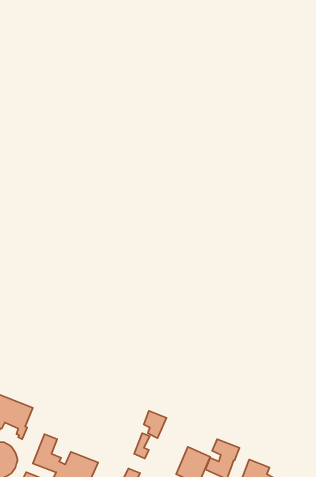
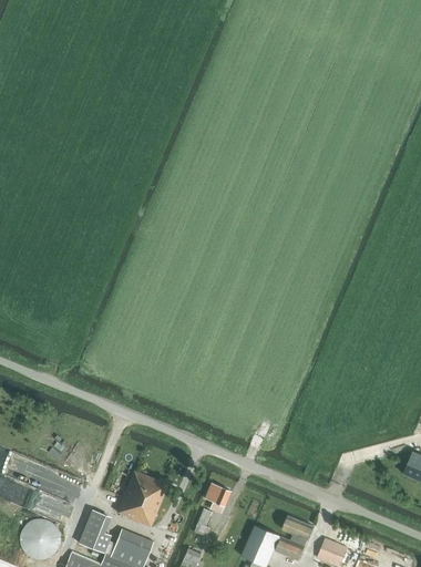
building: none -> [116,471,167,527]

